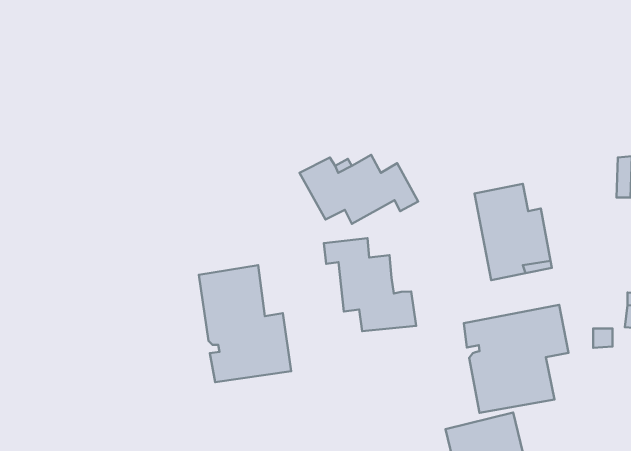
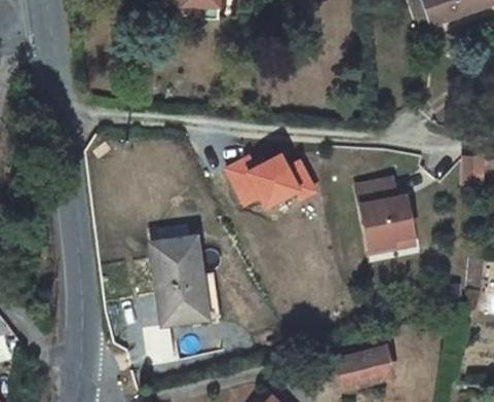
building: [324,238,416,331] -> none
building: [464,305,568,413] -> none

